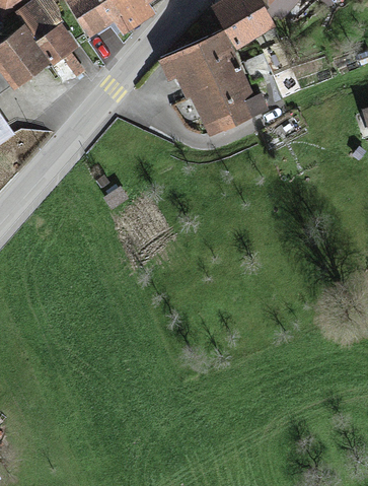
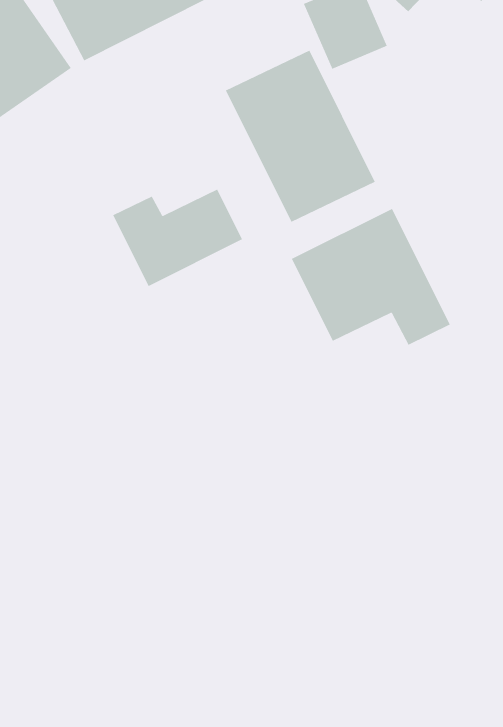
building: none -> [112,188,243,287]
building: none -> [291,208,451,346]

